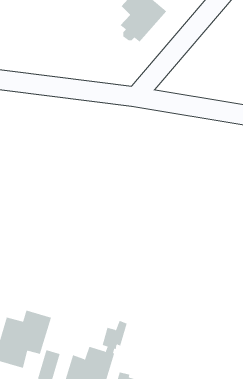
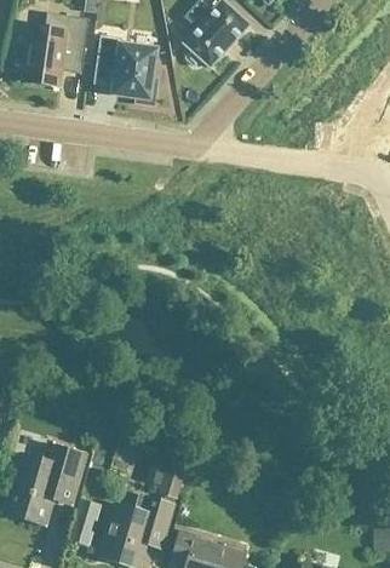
building: none -> [22,21,88,87]
building: none -> [96,42,157,107]

